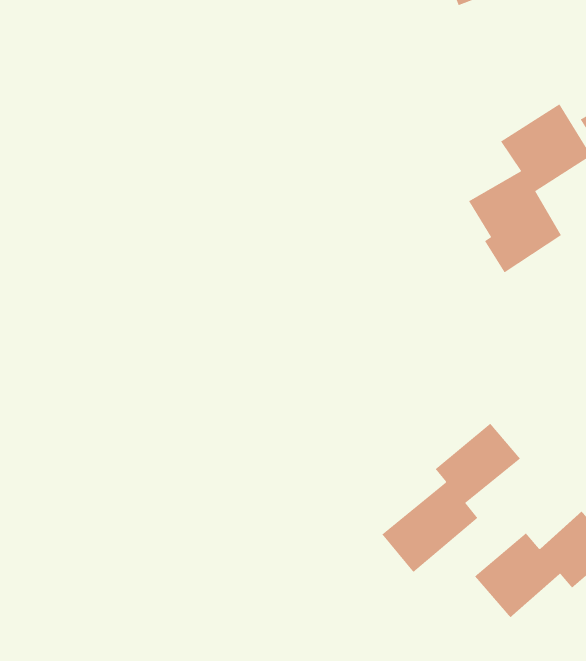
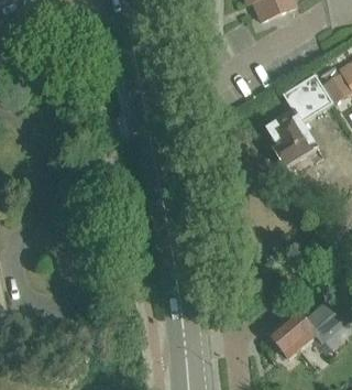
building: [382,423,521,573] -> none

